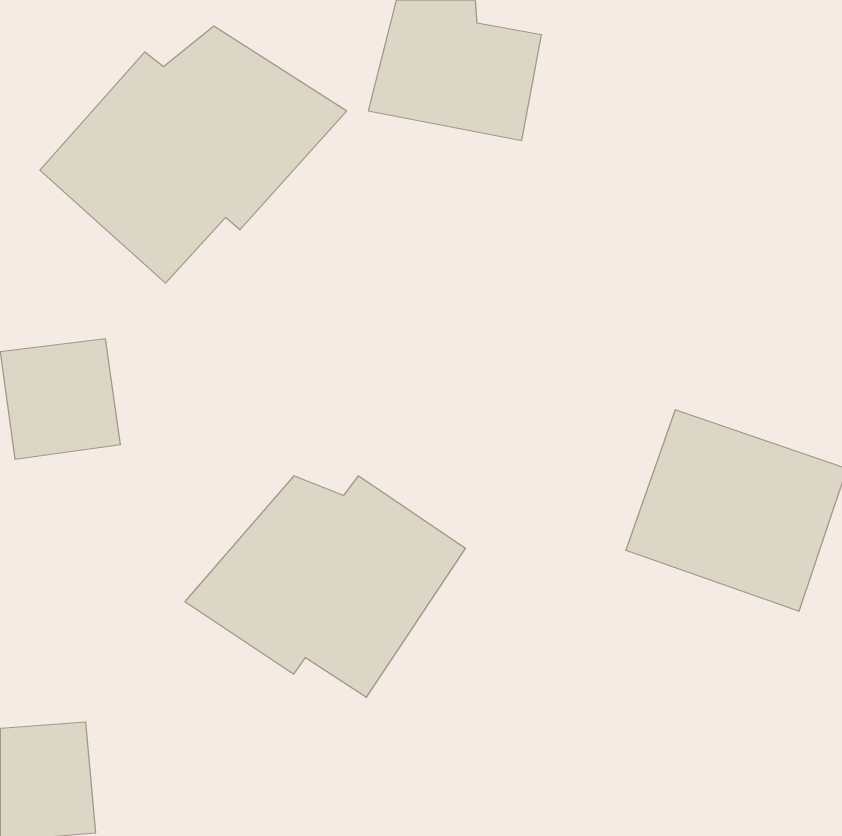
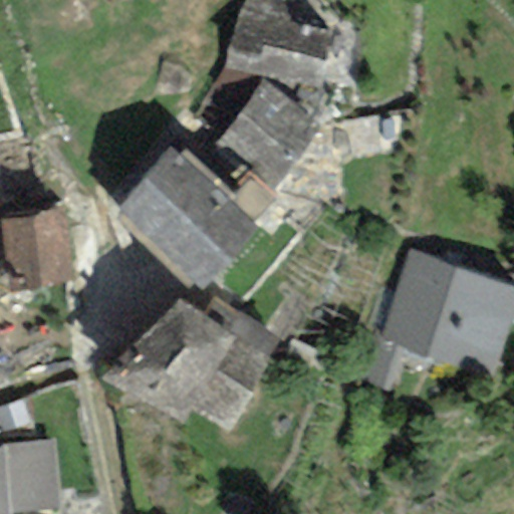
building: [40,26,347,283] -> none
building: none -> [217,79,316,180]
building: none -> [115,143,255,279]

